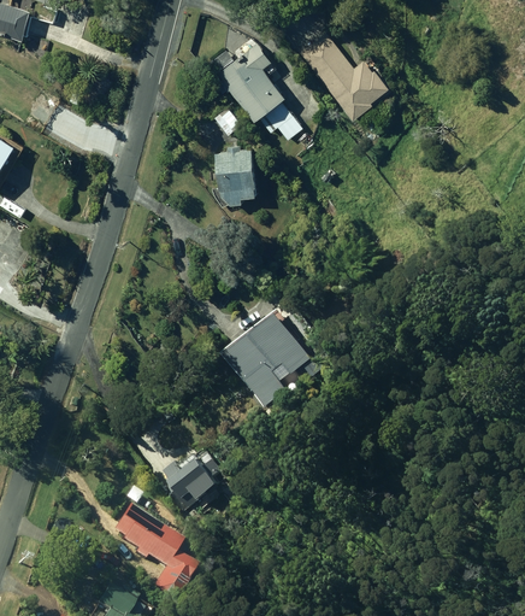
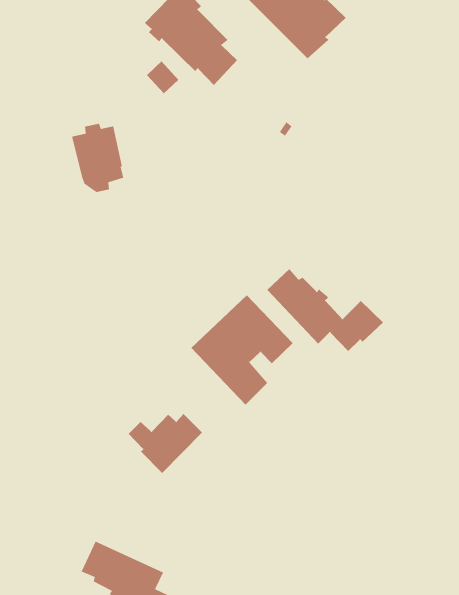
building: [216,143,256,203] -> [71,123,124,193]
building: none -> [267,268,384,352]
building: [164,458,228,509] -> [128,413,203,474]

